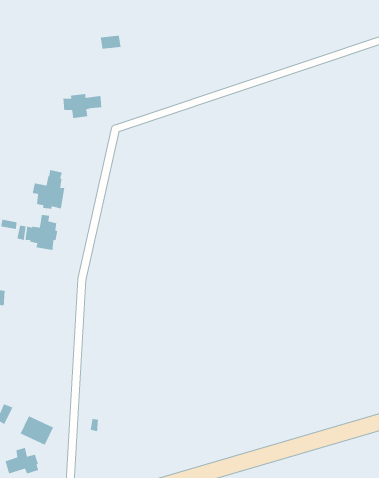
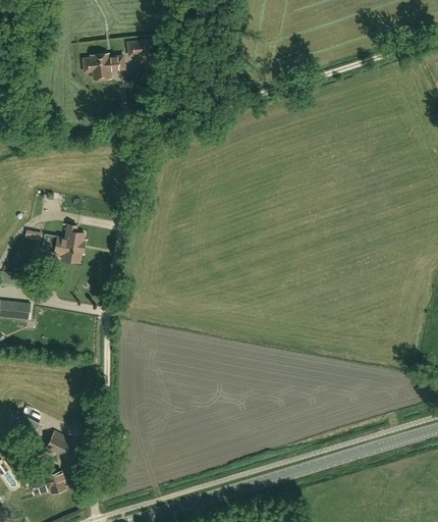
building: [62,93,102,119] -> [84,54,124,81]
building: [32,169,65,210] -> none

